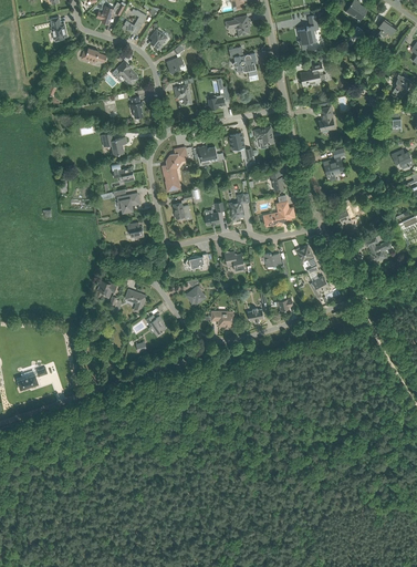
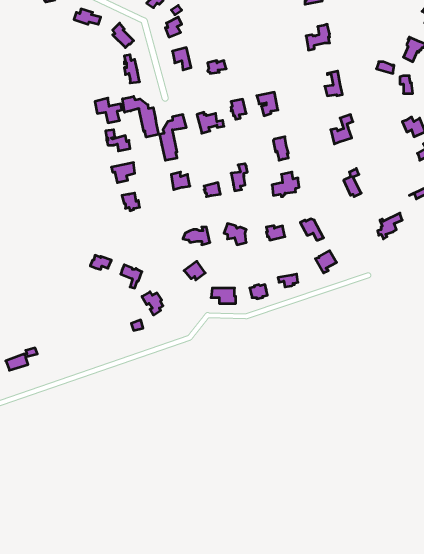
building: [229,47,259,81] -> none
building: none -> [123,96,158,137]

